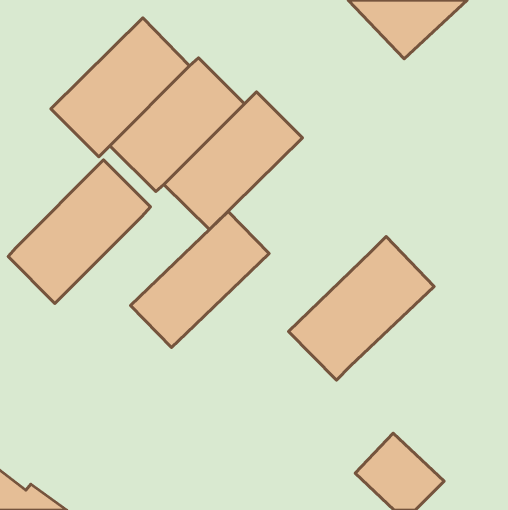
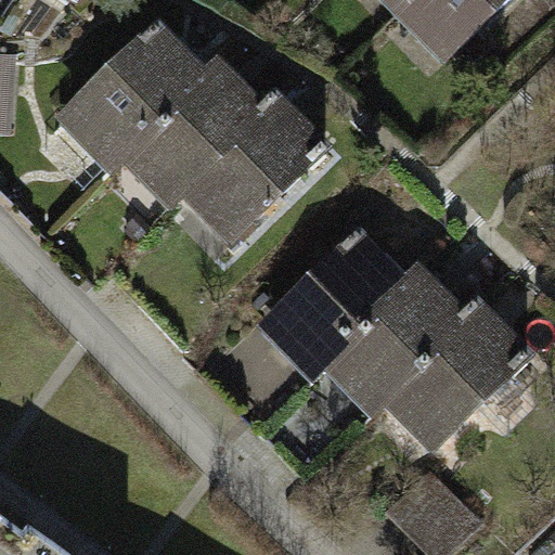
building: [8,160,151,303] -> none
building: [130,212,269,347] -> [253,228,403,375]
building: none -> [380,298,533,449]

